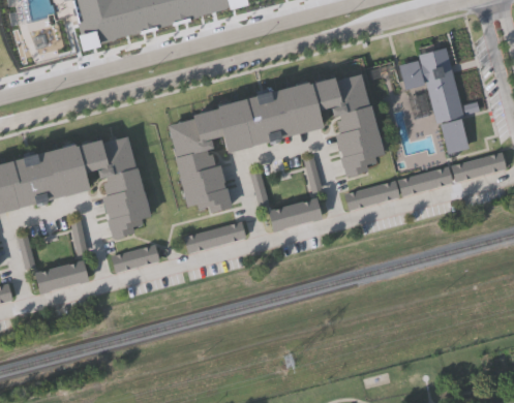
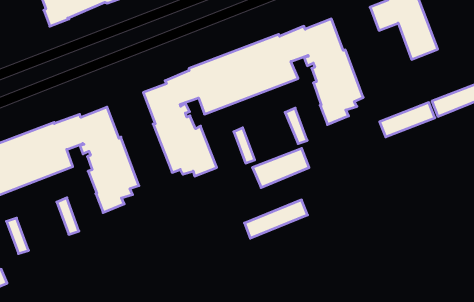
building: [440,120,467,153] -> none
building: [344,181,399,210] -> none
building: [184,221,247,253] -> [244,200,308,238]
building: [112,245,160,272] -> none
building: [35,260,89,293] -> none

